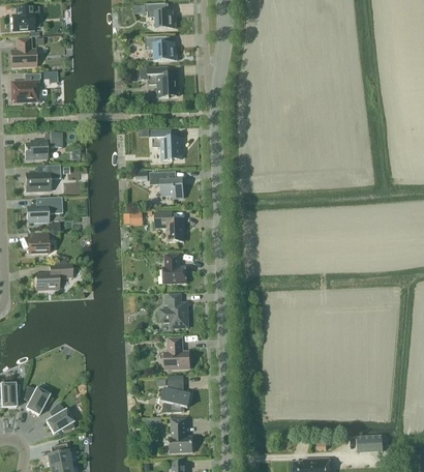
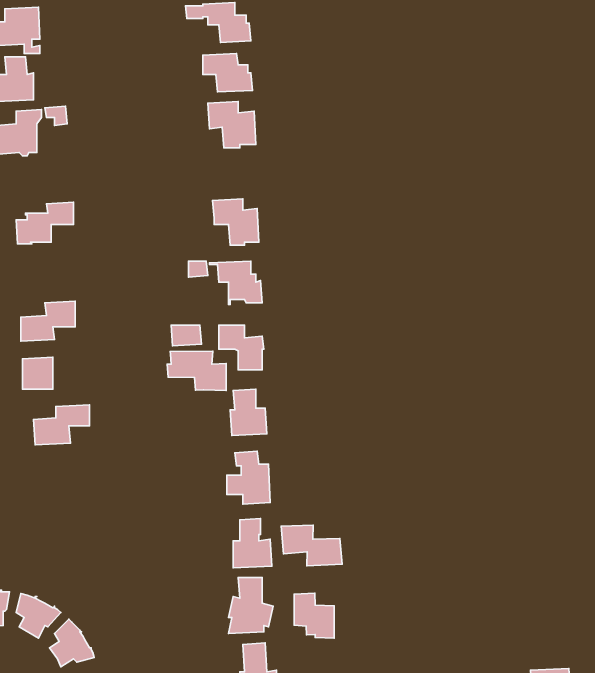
building: [25,165,60,191] -> none
building: none -> [167,351,226,391]
building: none -> [281,525,342,566]
building: none -> [294,593,334,638]

